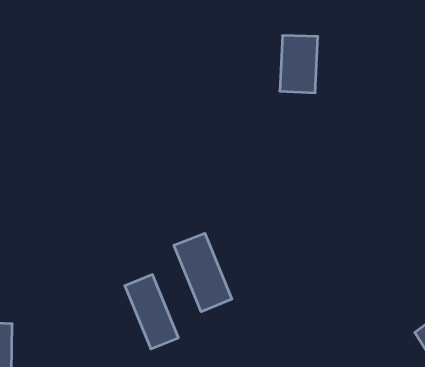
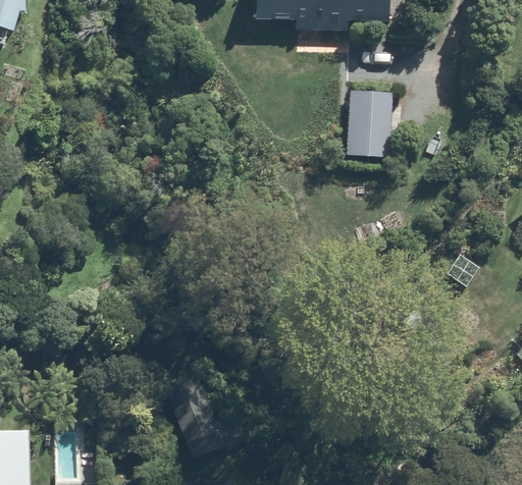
building: [174,233,232,312] -> none

